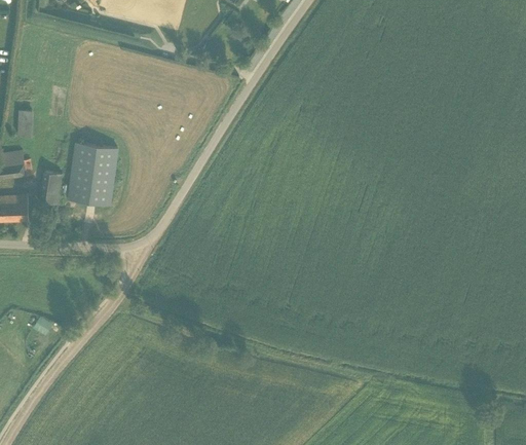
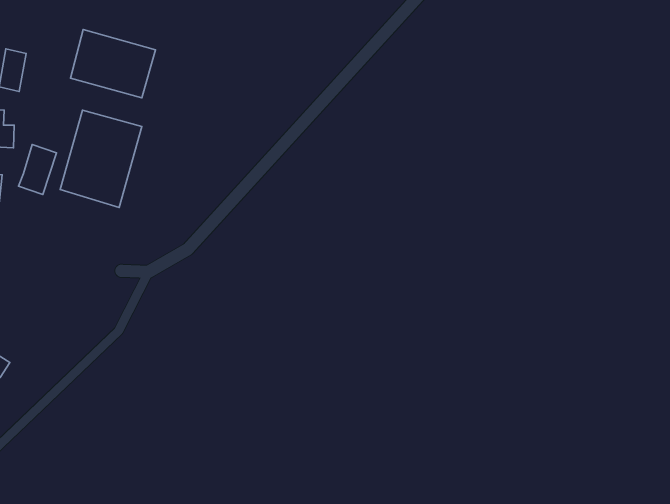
building: none -> [71,29,155,98]

